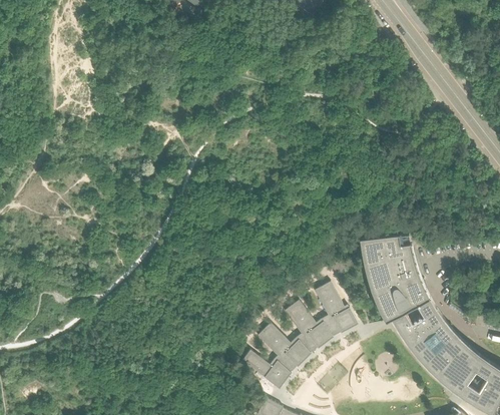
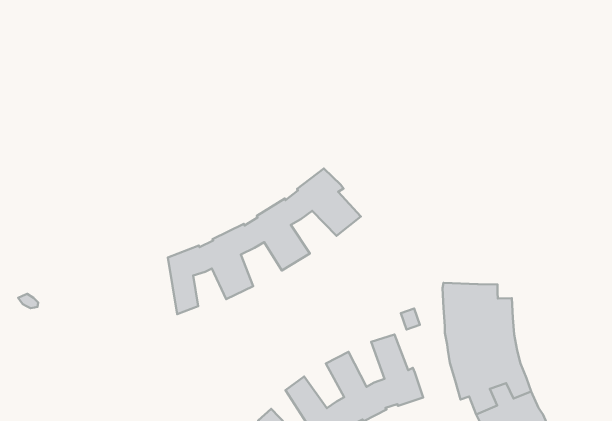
building: none -> [168,169,361,314]

